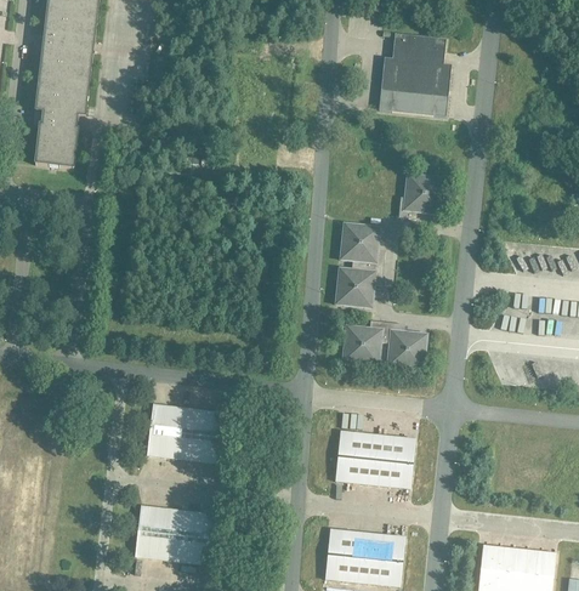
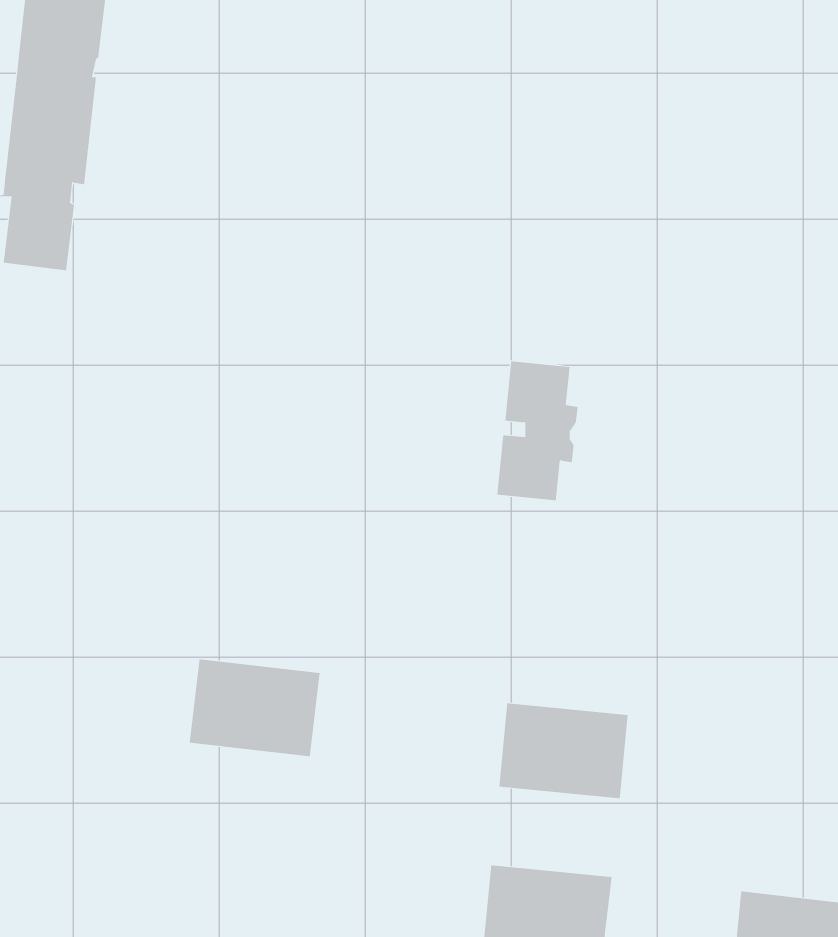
building: [378,34,450,118] -> none
building: [398,174,443,218] -> none
building: [341,320,426,370] -> none
building: [135,506,215,566] -> none

